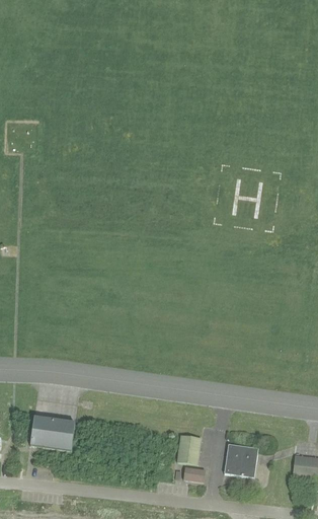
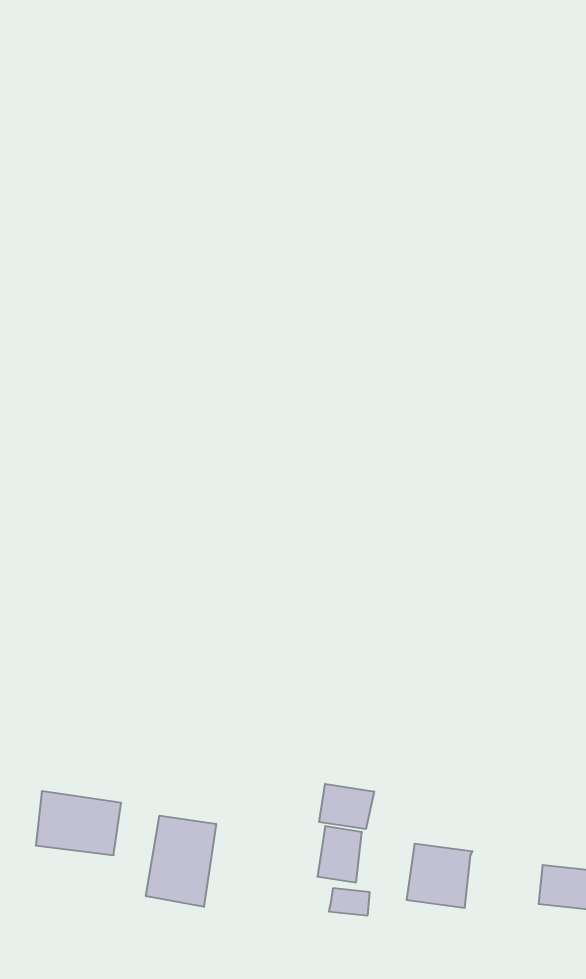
building: none -> [319,784,374,829]
building: none -> [146,816,216,907]

